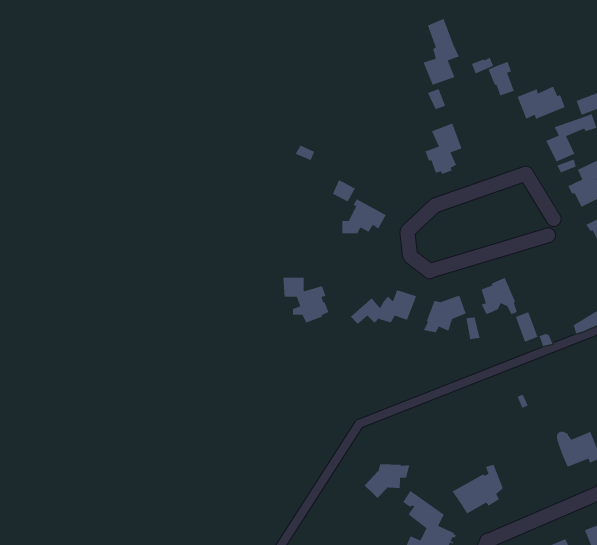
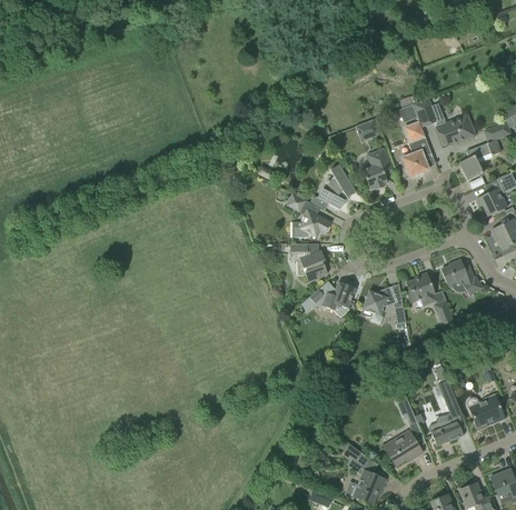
building: [423,16,460,86] -> [401,119,431,176]
building: none -> [317,163,356,209]
building: none -> [440,258,482,294]
building: [283,277,329,324] -> [289,243,327,281]
building: none -> [428,390,466,446]
building: [364,464,410,499] -> none

